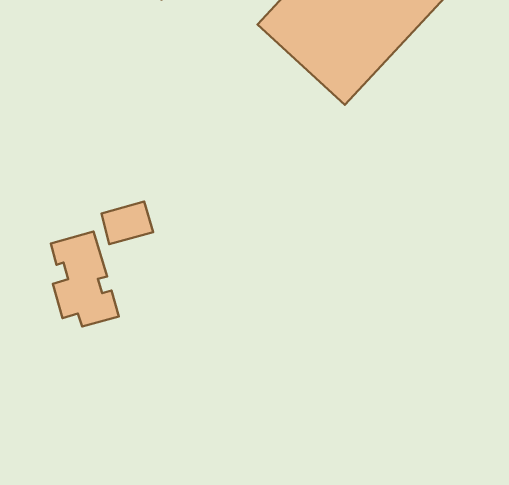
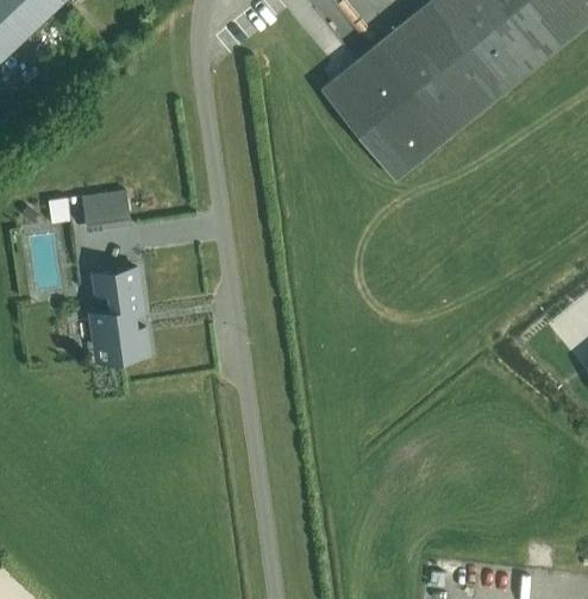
building: [101,201,153,244] -> [82,190,130,227]

